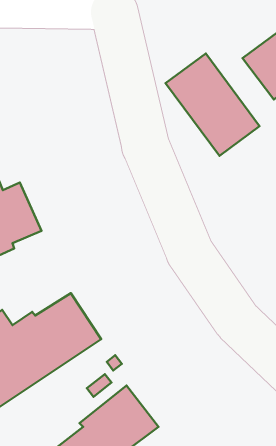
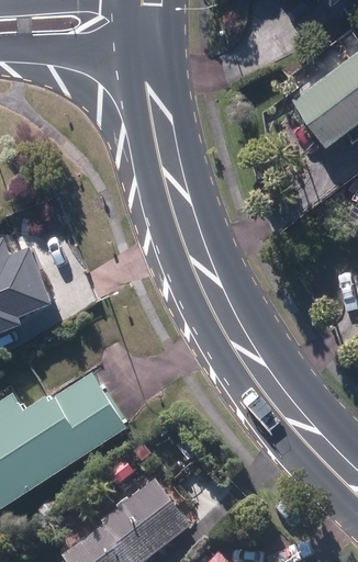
building: [166,54,260,156] -> none

